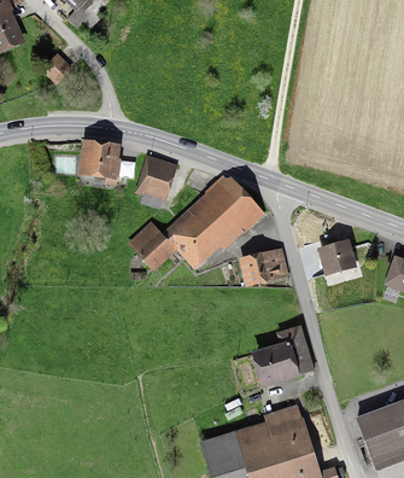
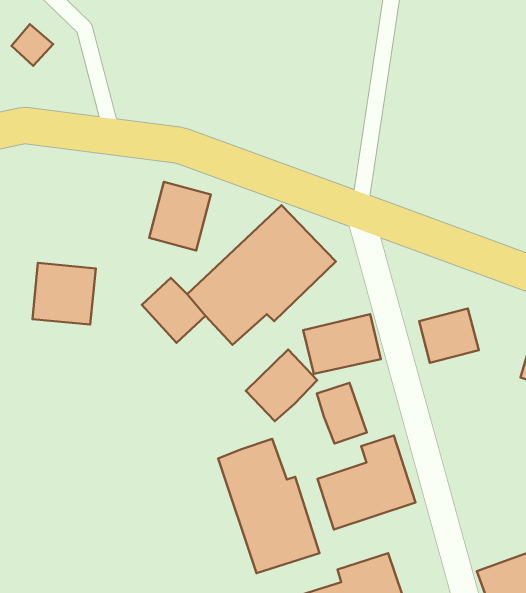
building: [78,142,121,183] -> [32,263,96,325]
building: none -> [246,349,317,421]
building: none -> [317,383,367,443]
building: none -> [218,439,319,573]

